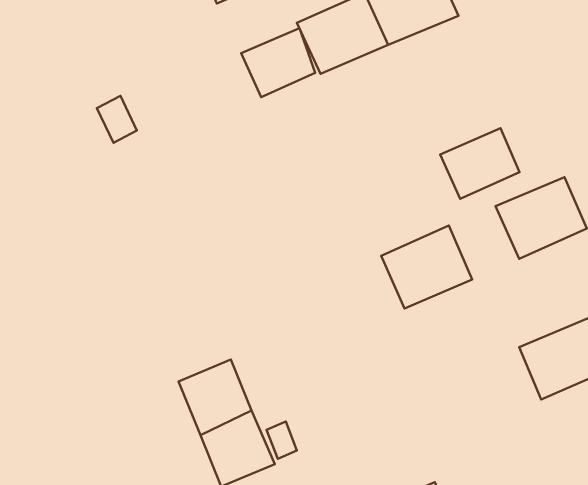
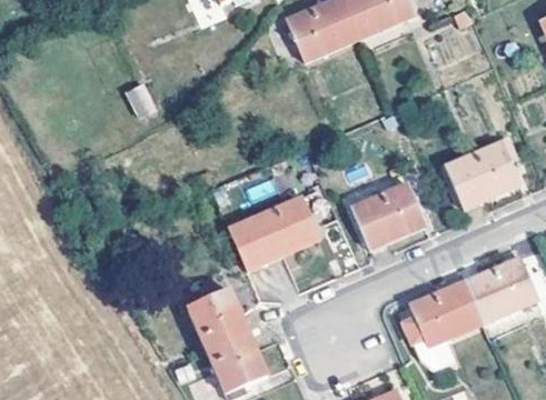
building: [241,28,315,97] -> none
building: [440,128,519,199] -> none
building: none -> [227,196,320,269]
building: none -> [399,280,482,370]

